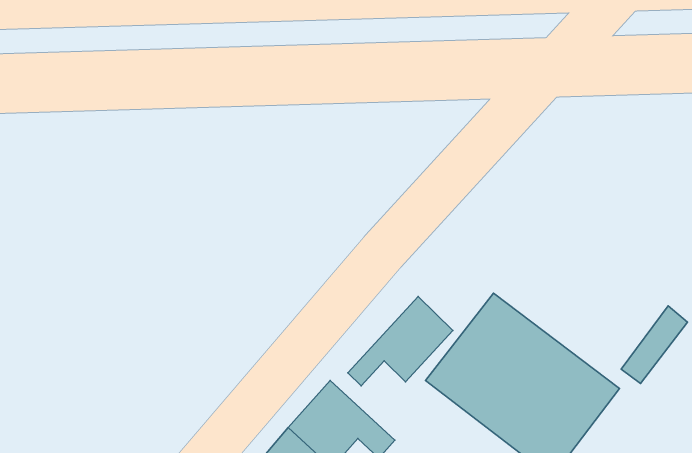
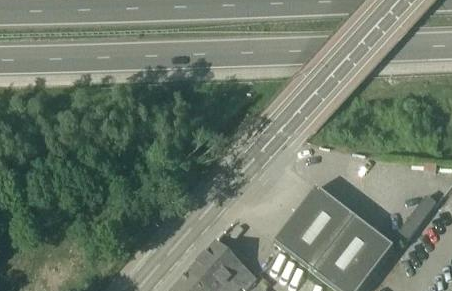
building: [348,297,453,386] -> none

